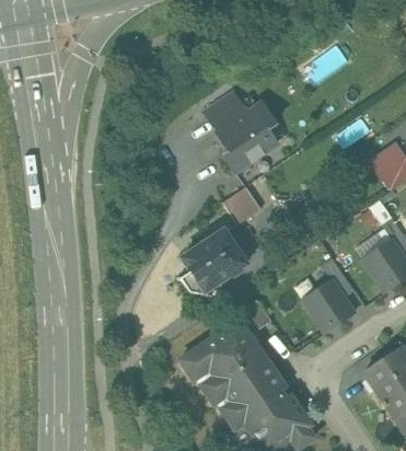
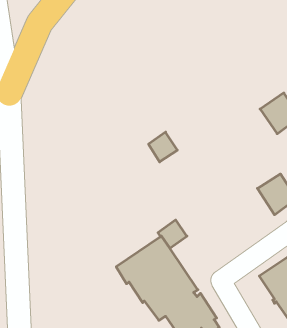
building: [202,89,281,175] -> none
building: [182,230,247,297] -> none
building: [302,280,356,333] -> none

